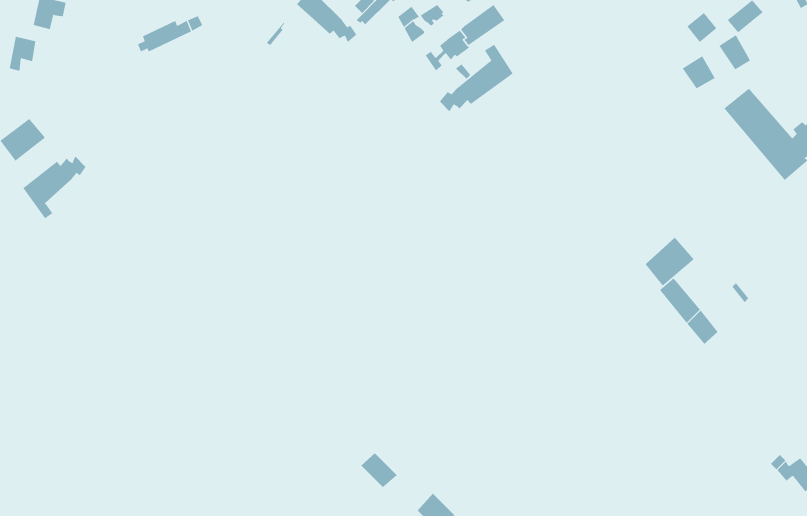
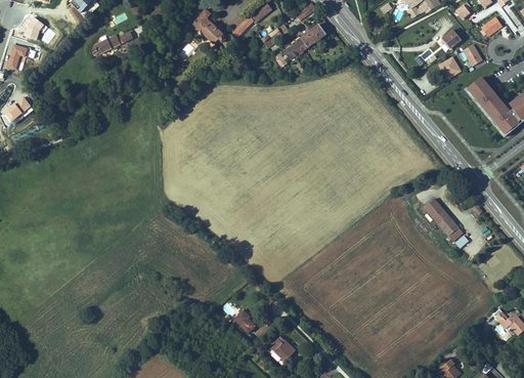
building: [439,44,513,112] -> none
building: [23,156,86,219] -> none
building: [645,237,695,287] -> none

